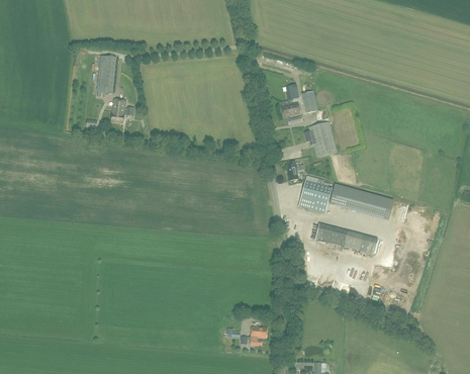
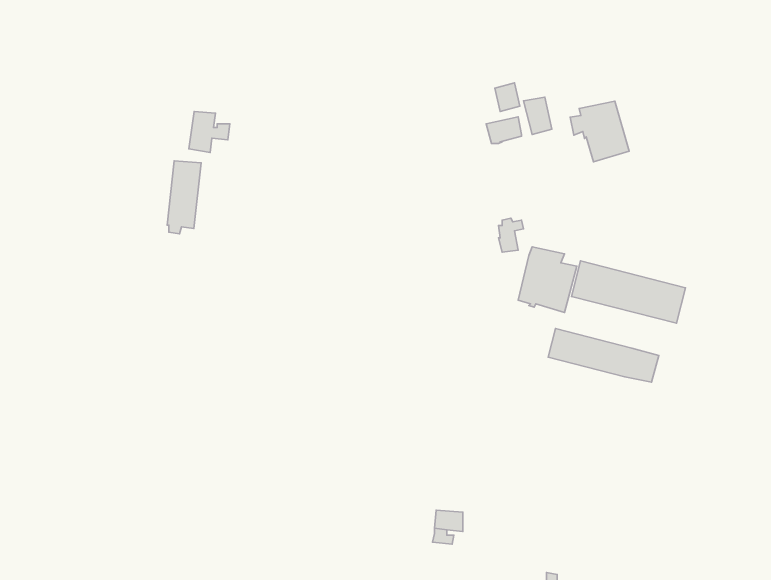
building: [97,55,116,96] -> [167,161,201,234]
building: [304,122,338,157] -> [570,101,629,162]

